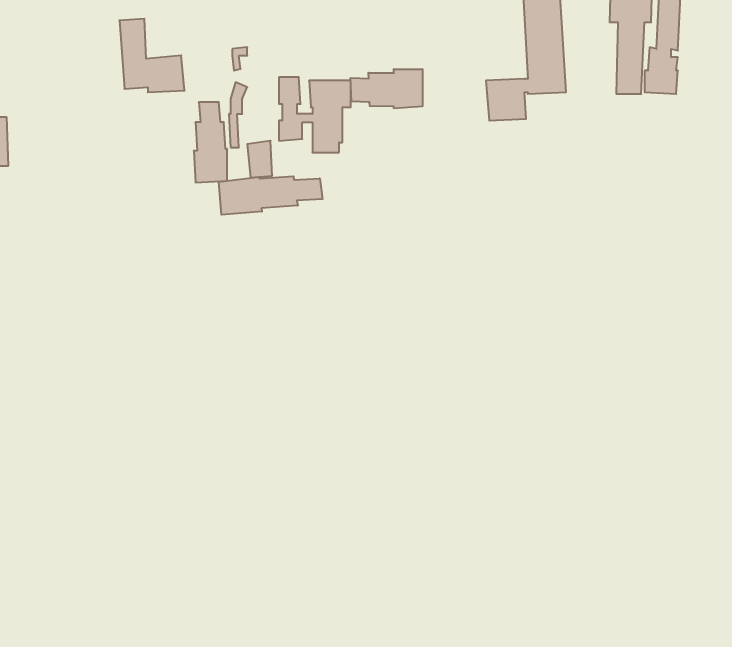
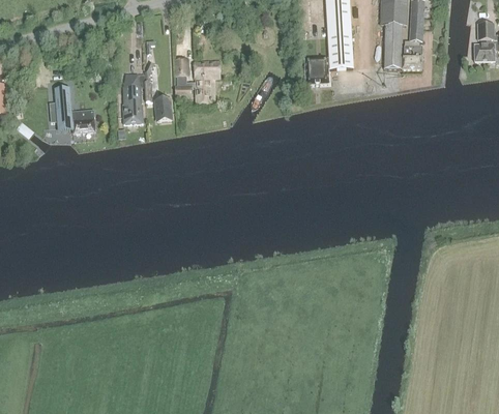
building: [119,19,185,92] -> [54,85,94,130]
building: [351,69,422,108] -> none
building: [219,176,323,215] -> none

